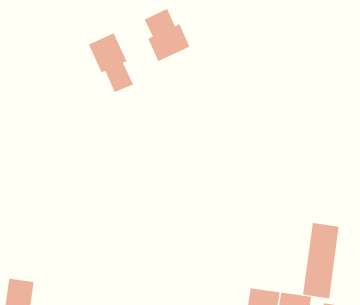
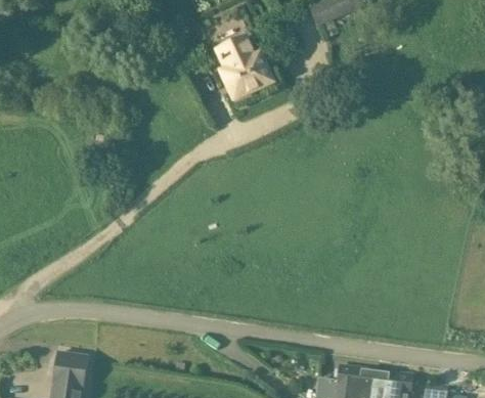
building: [88,32,134,93] -> none
building: [303,222,339,299] -> none

